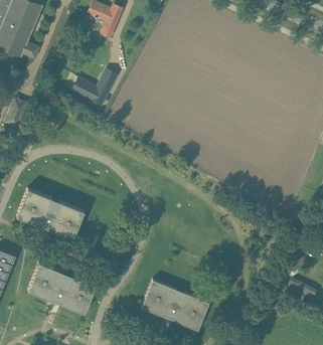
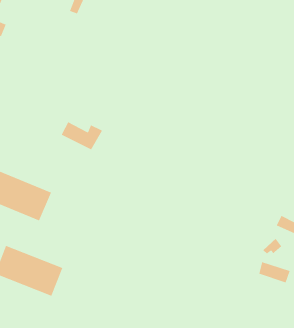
building: [70,77,112,106] -> [61,121,103,150]
building: [145,274,213,325] -> none

